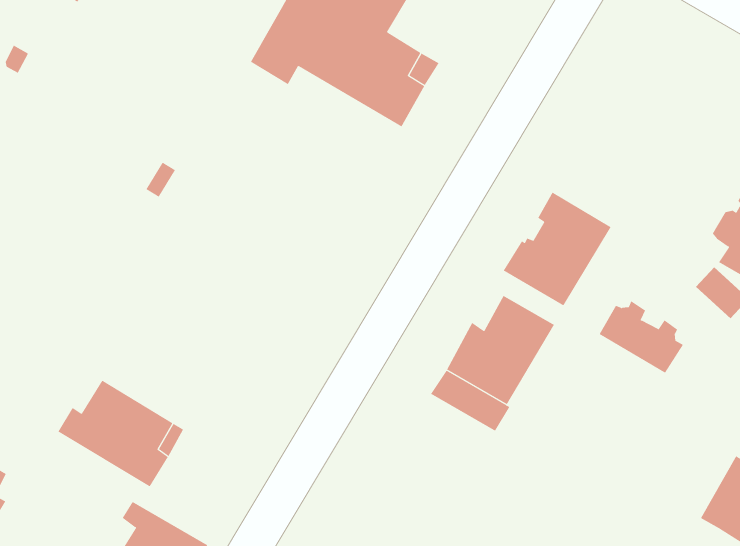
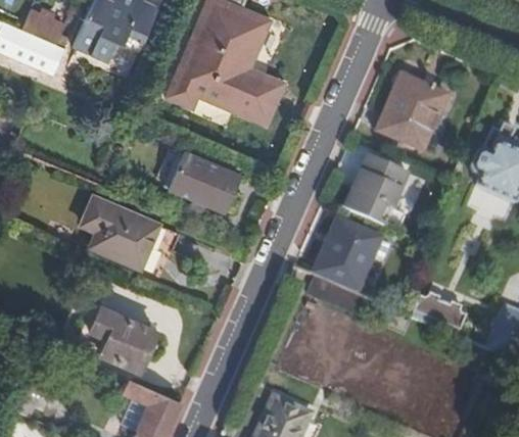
building: none -> [376,81,445,148]
building: none -> [168,150,239,211]
building: none -> [79,194,178,263]
building: [599,301,684,374] -> [412,291,466,334]

